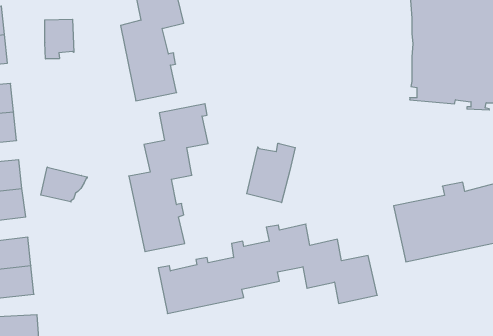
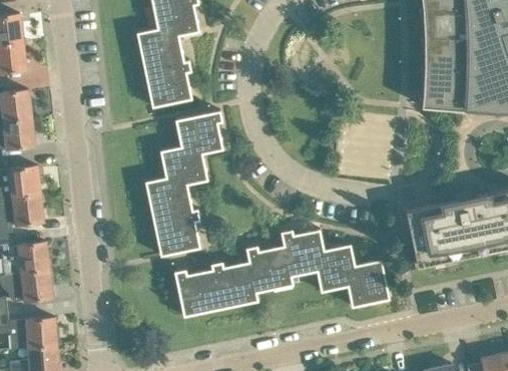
building: [45,19,74,59] -> none
building: [247,143,295,203] -> none
building: [41,167,87,202] -> none

